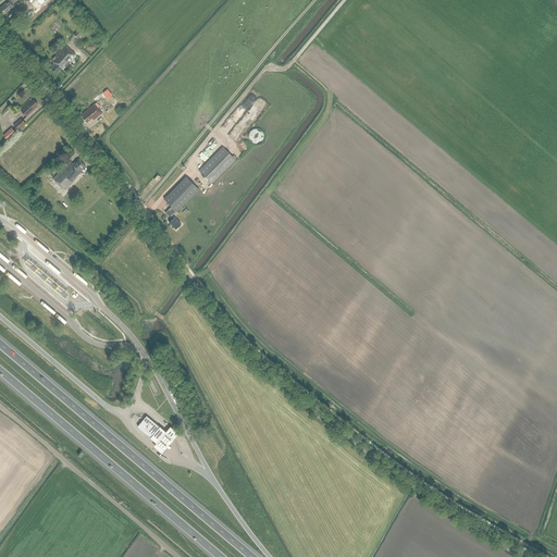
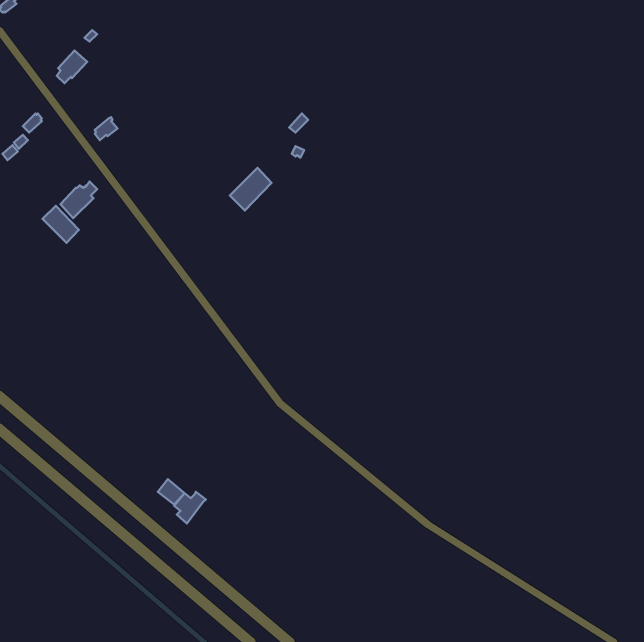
building: [163,174,198,227] -> none
building: none -> [43,206,79,243]

